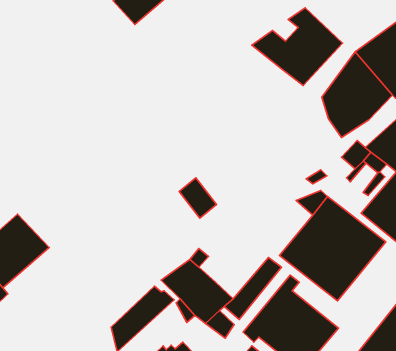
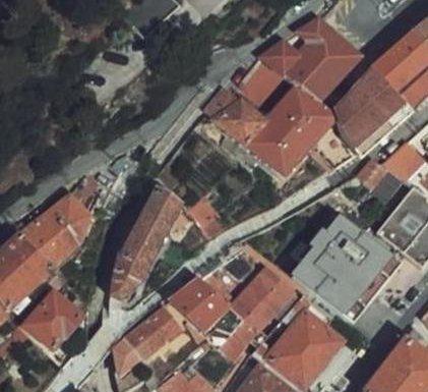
building: none -> [238,57,284,103]
building: none -> [205,82,356,176]
building: none -> [109,172,182,307]
building: none -> [21,194,89,268]
building: none -> [226,262,281,321]
building: none -> [25,293,88,348]

